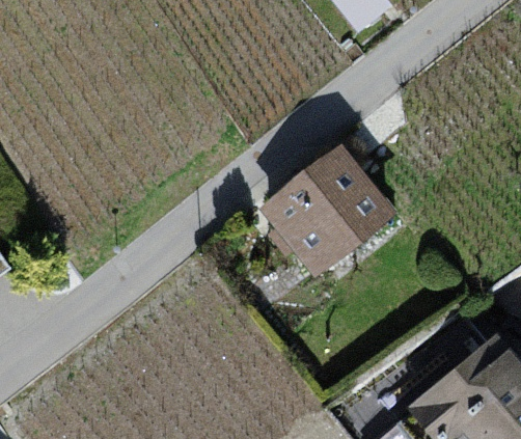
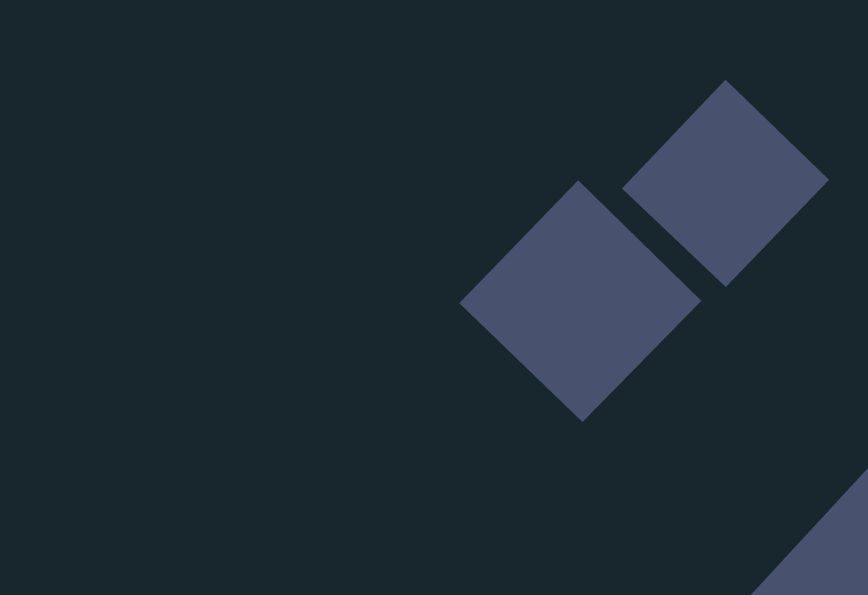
building: none -> [621,79,830,288]

